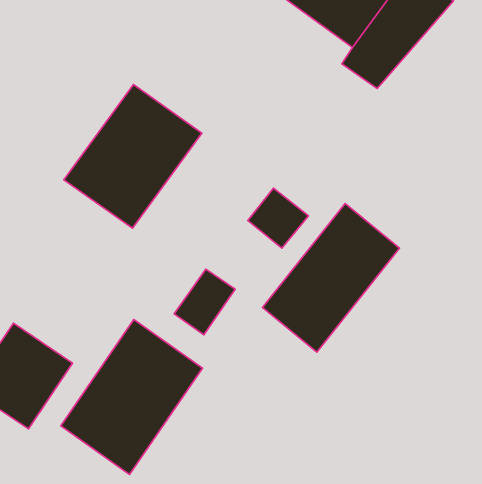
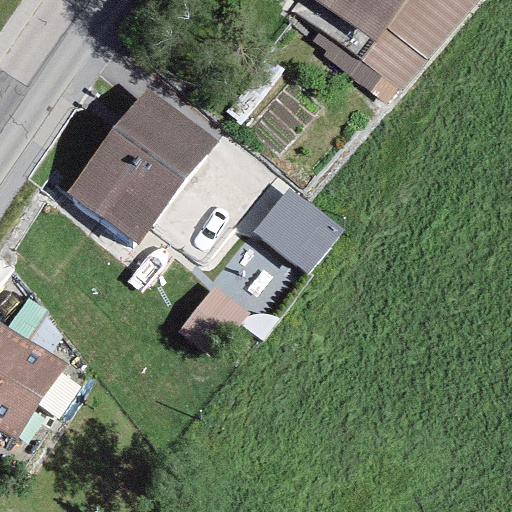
building: [262,203,400,352] -> none
building: [61,320,203,474] -> none

